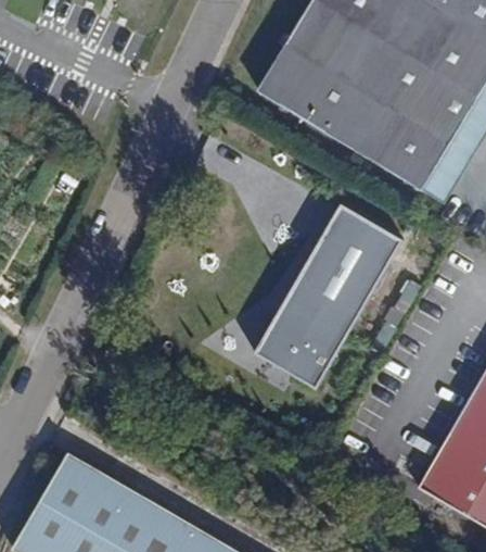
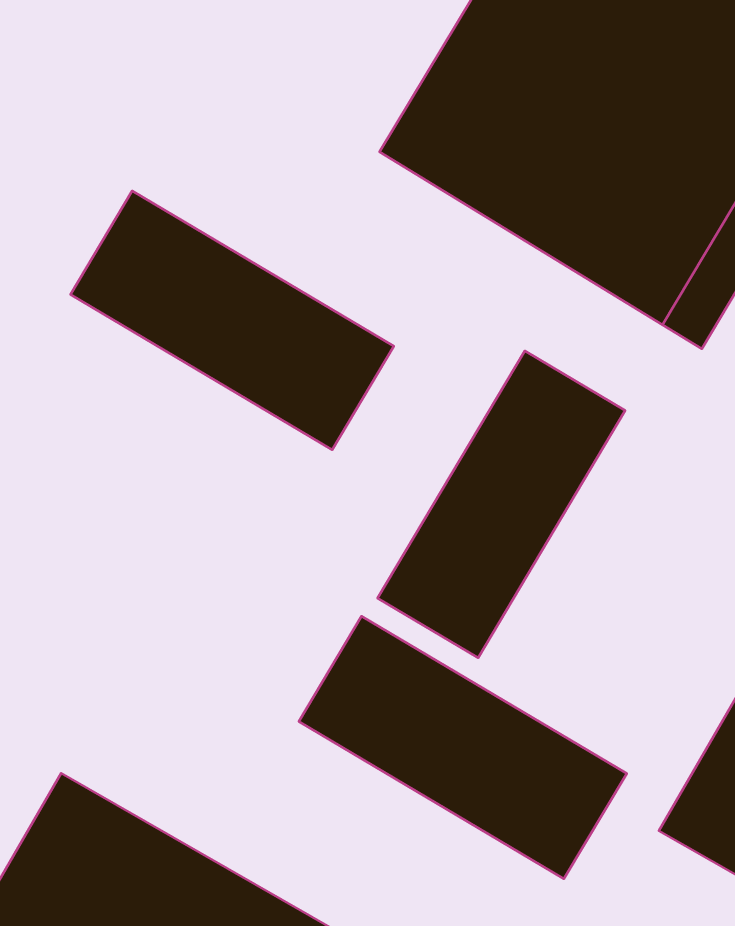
building: none -> [71,191,394,450]
building: none -> [299,616,627,879]

